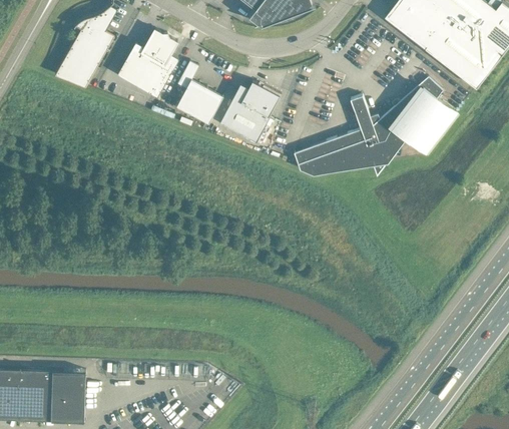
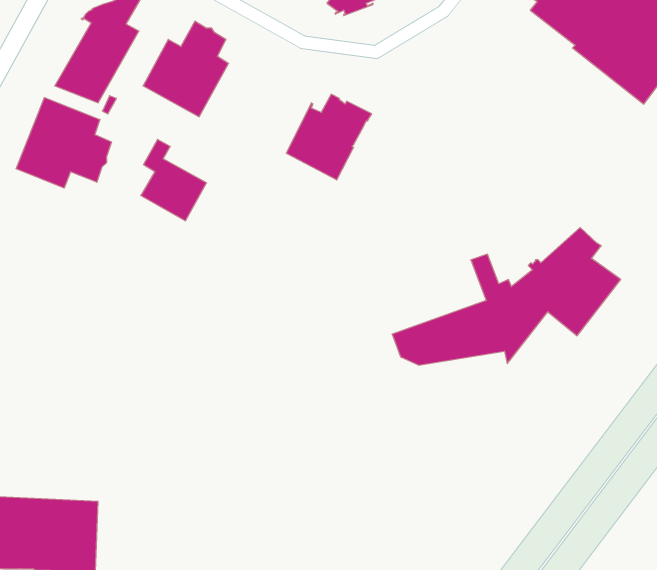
building: [174,66,221,124] -> [141,139,207,221]
building: [294,77,457,175] -> [392,228,621,365]
building: none -> [16,98,112,188]

